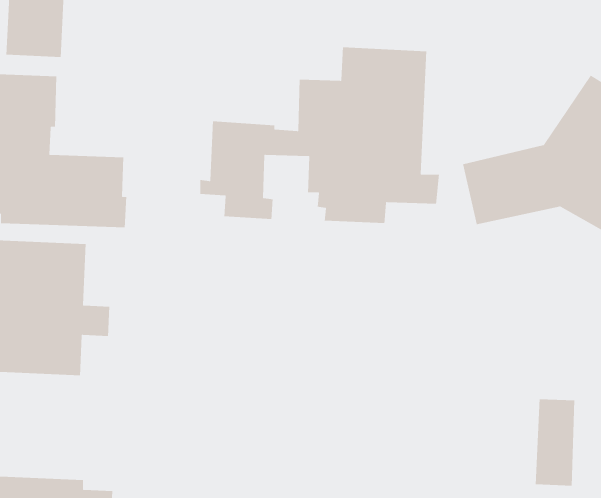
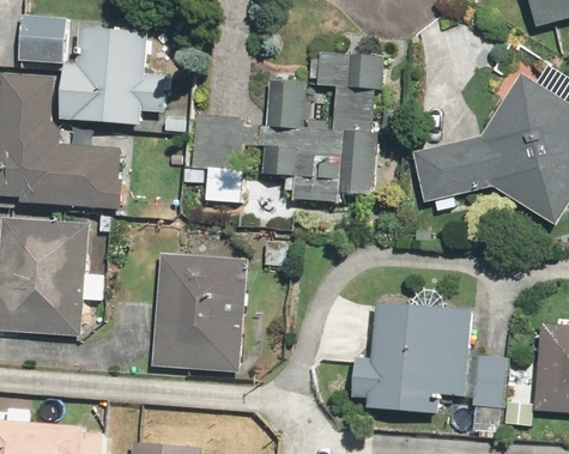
building: none -> [60,24,144,125]
building: none -> [152,255,248,373]
building: none -> [351,307,470,412]

